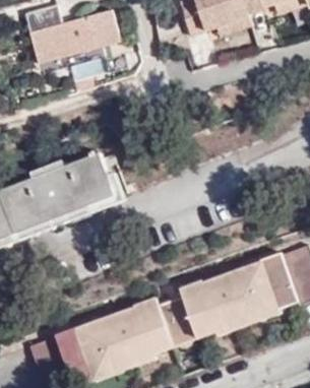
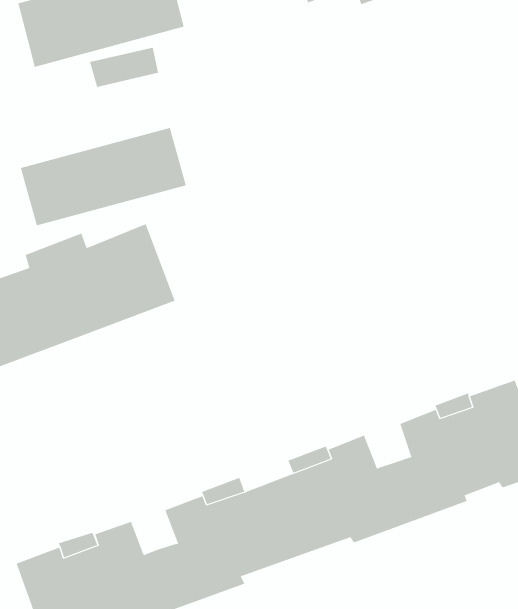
building: none -> [20,127,187,226]

